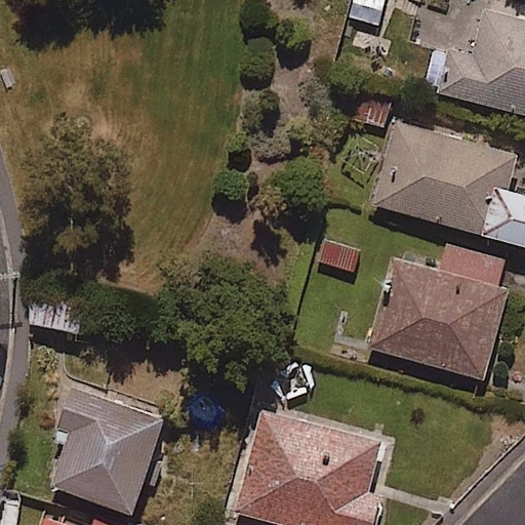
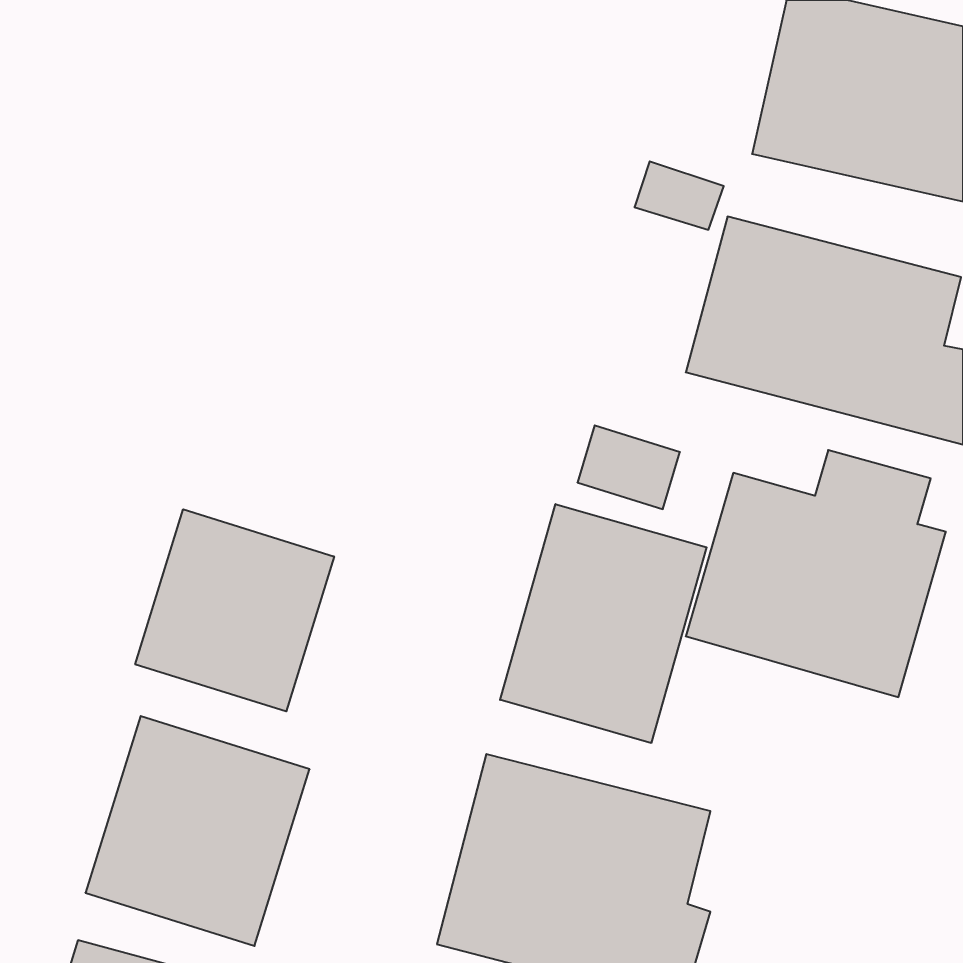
building: none -> [500,504,707,743]
building: none -> [135,509,334,711]

